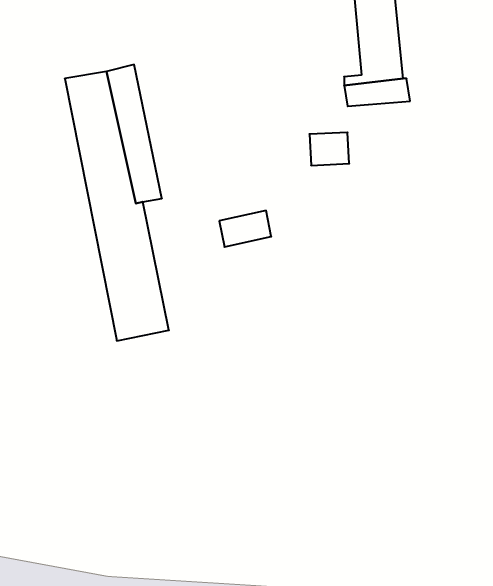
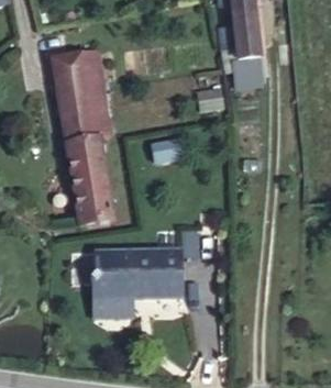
building: none -> [96,253,180,320]

